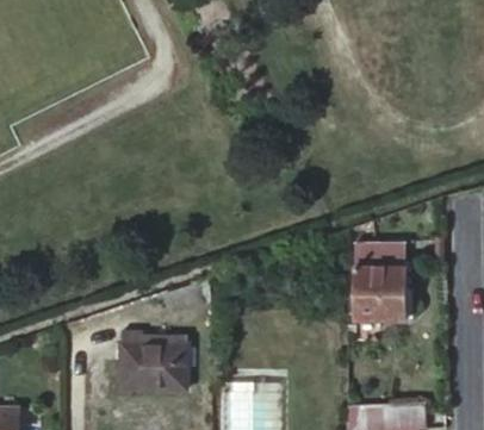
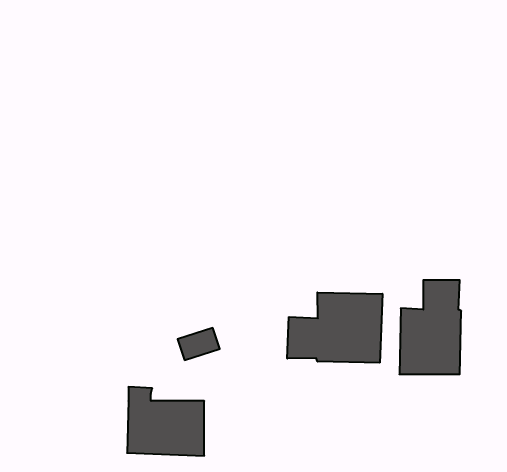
building: none -> [287,292,382,363]

